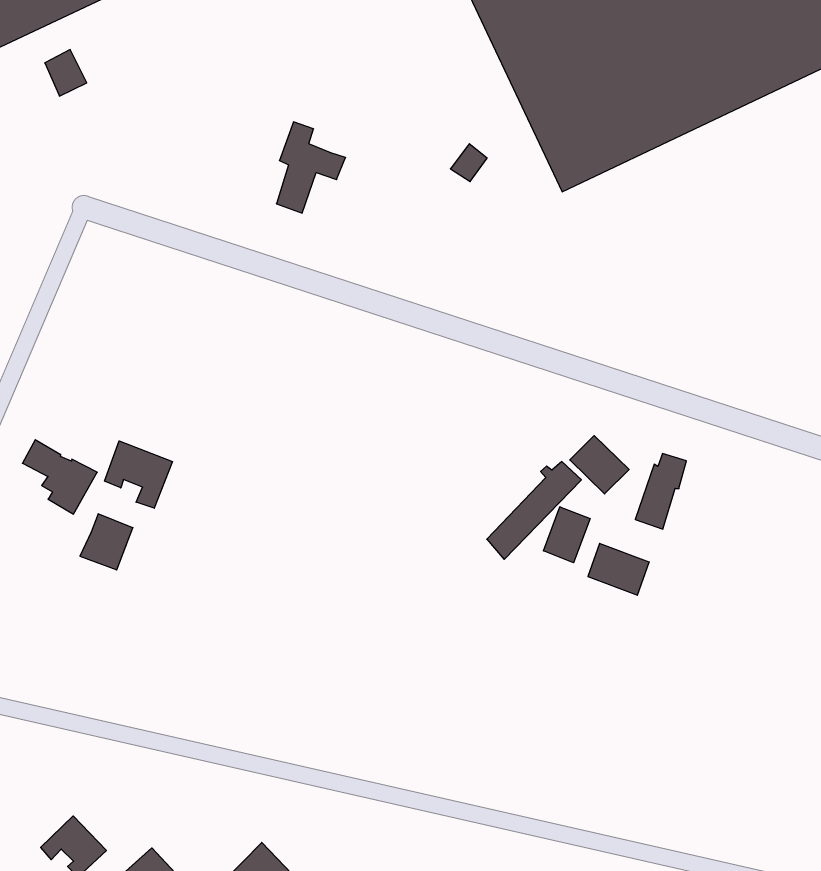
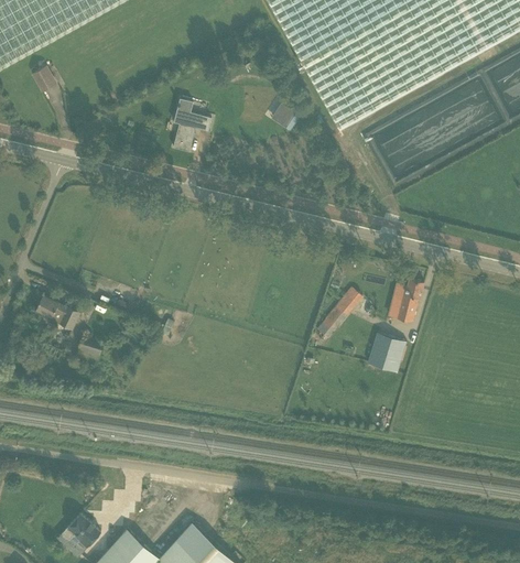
building: [570,436,629,494] -> none
building: [105,441,172,508] -> none
building: [543,507,590,563] -> none

